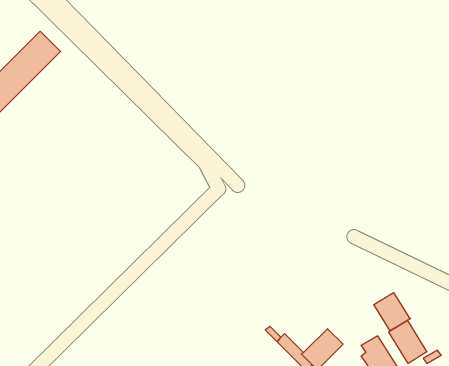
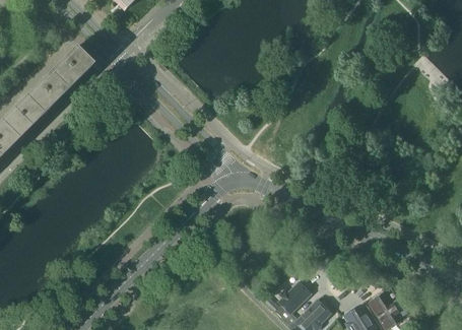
building: [374,293,411,331] -> none
building: none -> [282,277,314,309]

